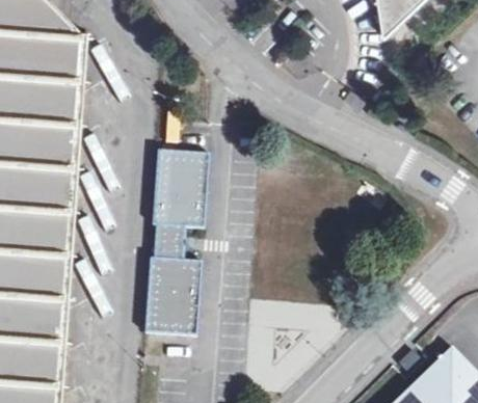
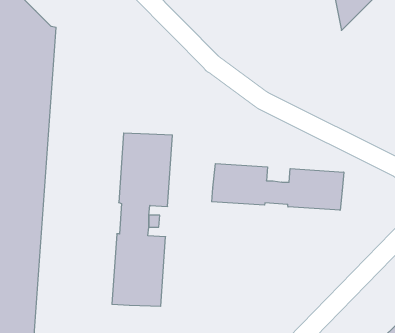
building: none -> [212,164,344,210]

